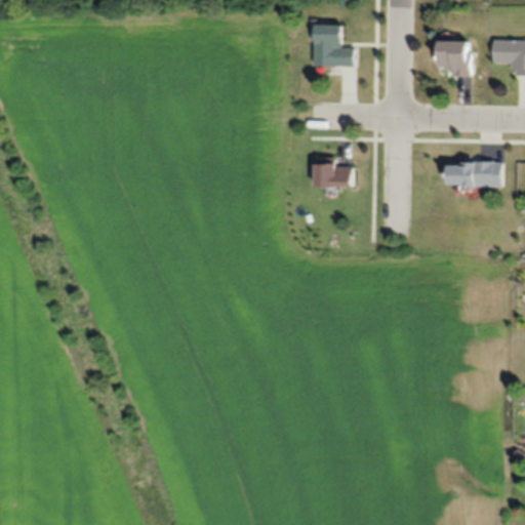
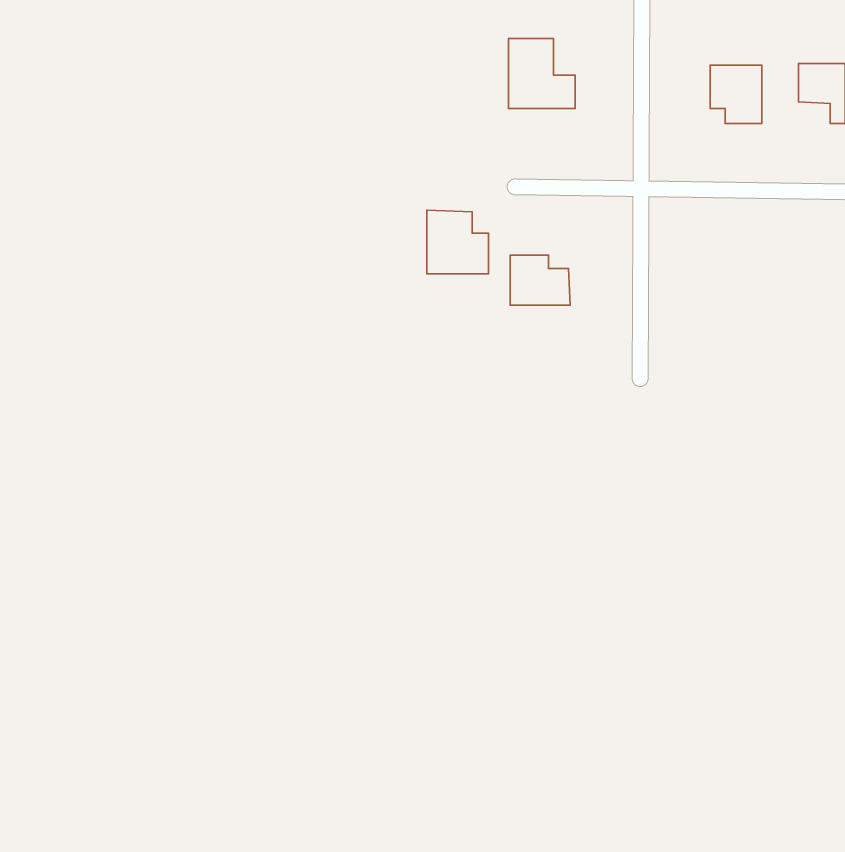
building: none -> [427,210,489,274]
building: [445,160,499,187] -> none

